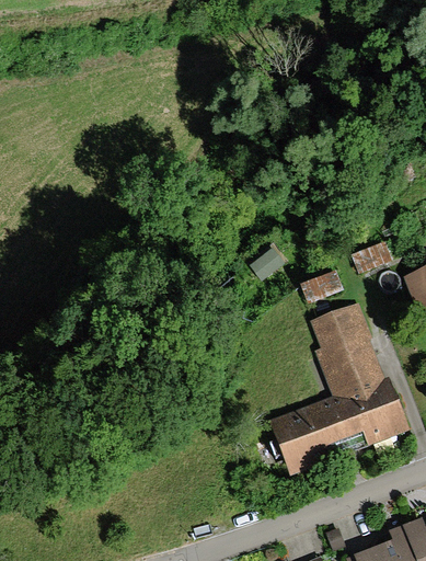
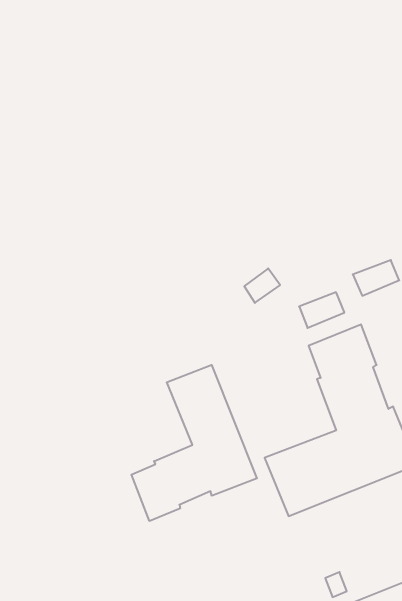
building: none -> [131,365,257,521]

